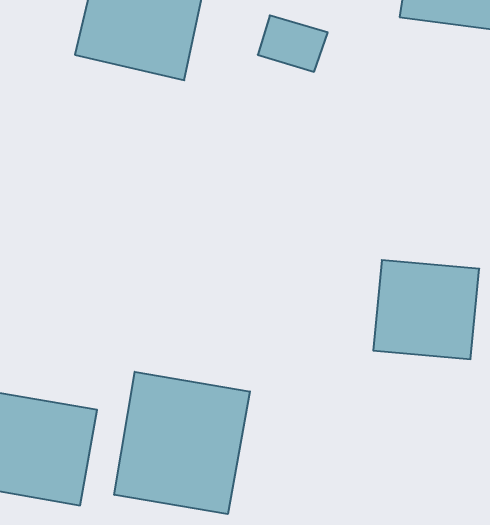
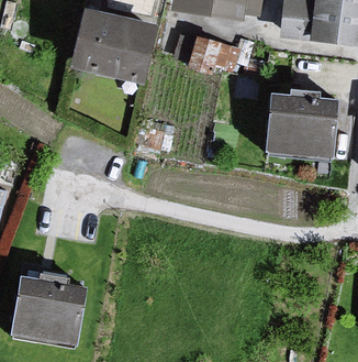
building: [373,260,479,359] -> [266,90,334,154]
building: [114,372,250,514] -> none

